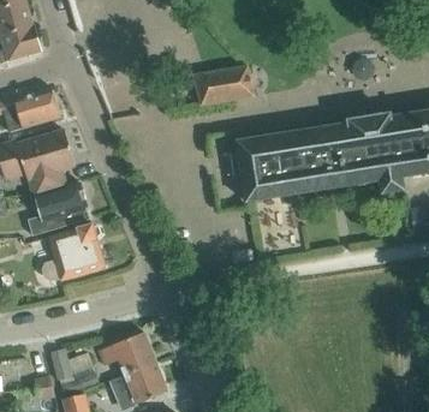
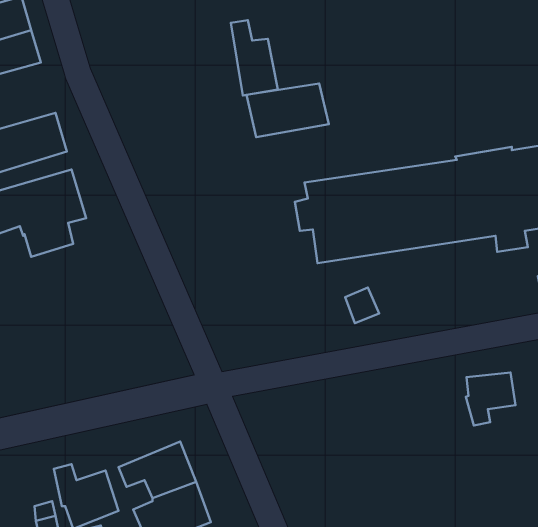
building: none -> [231,20,278,96]
building: [26,181,89,235] -> none
building: [40,225,103,282] -> none
building: none -> [466,373,516,425]

